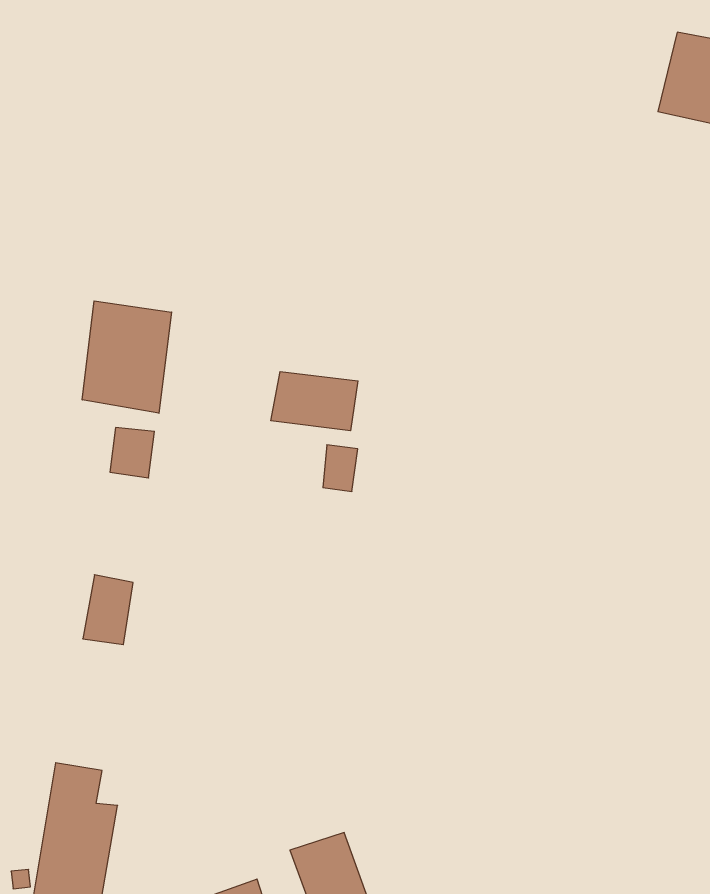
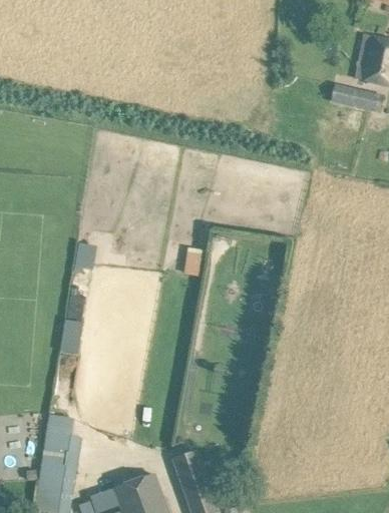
building: none -> [329,83,382,108]
building: [82,301,172,413] -> none
building: [271,372,358,431] -> none

